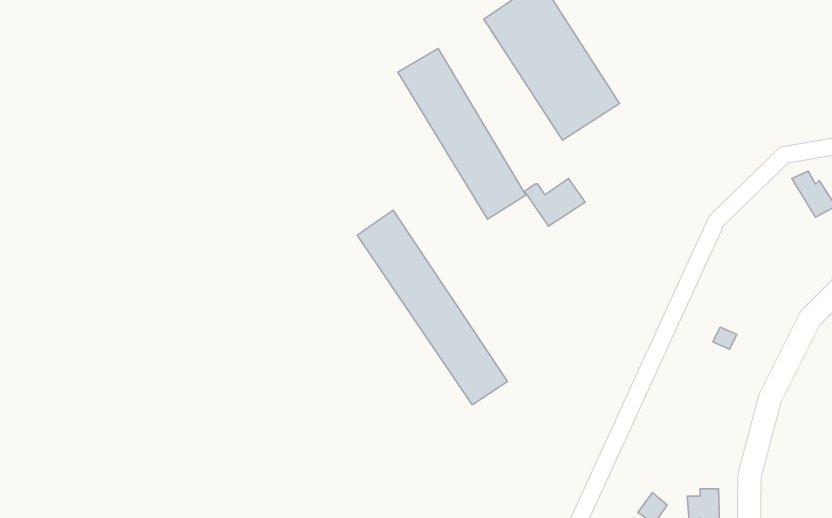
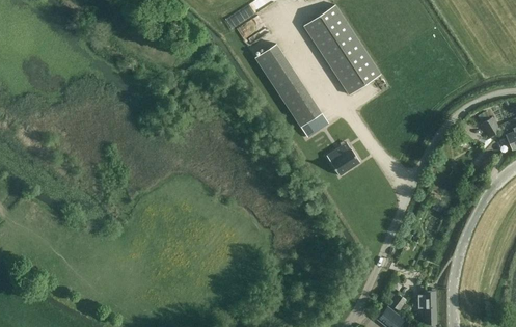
building: [525,178,585,226] -> [326,148,360,175]
building: [357,210,507,405] -> none

